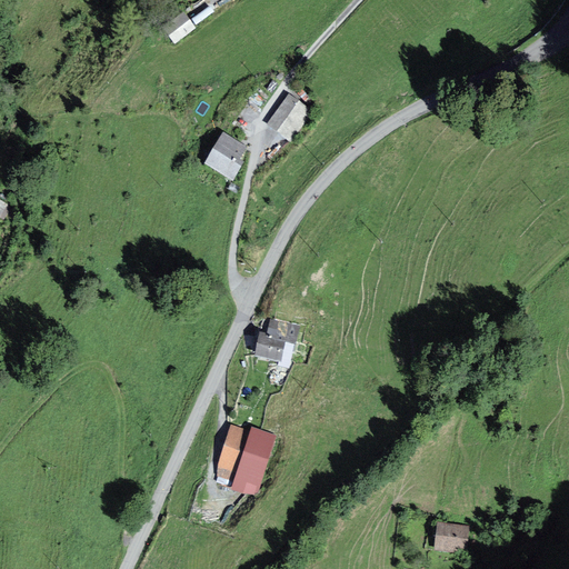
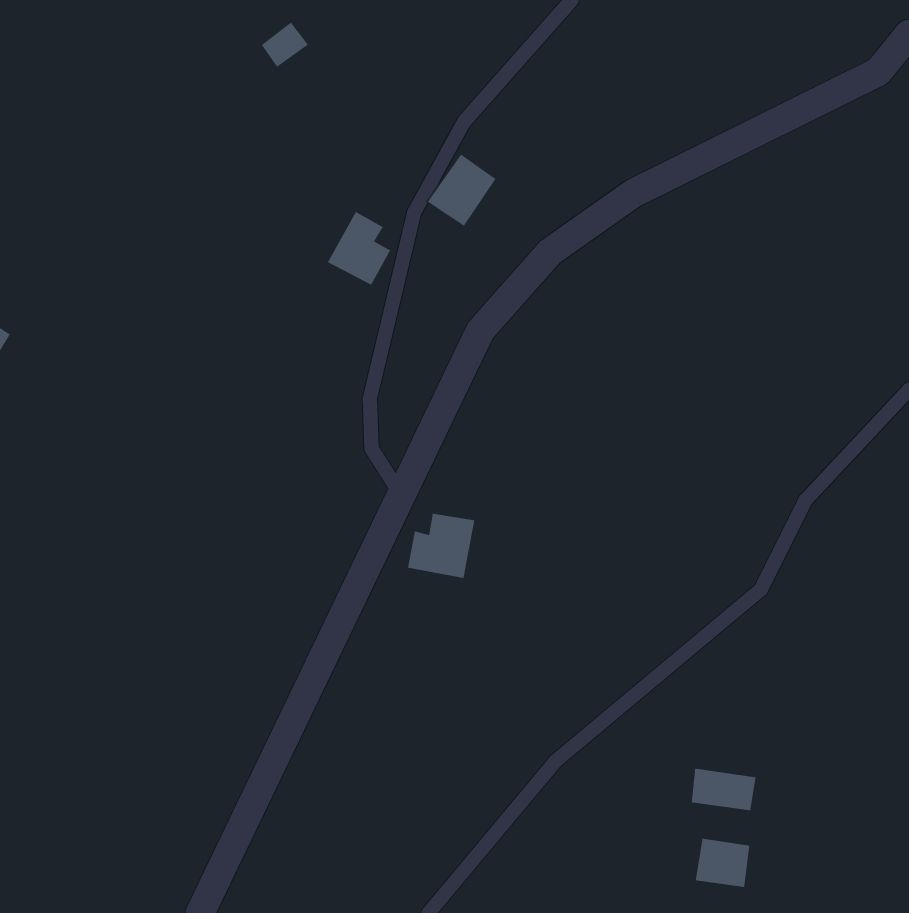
building: [213,423,273,496] -> none
building: none -> [691,768,757,811]

